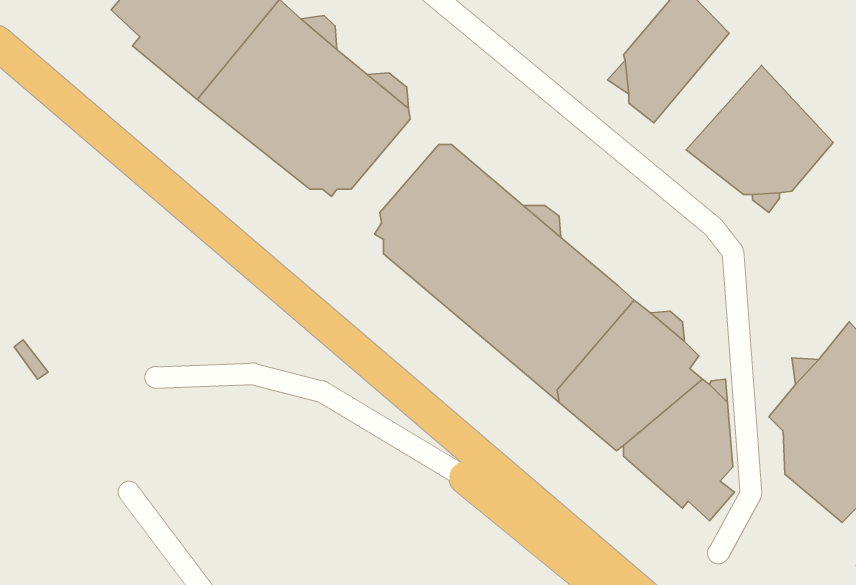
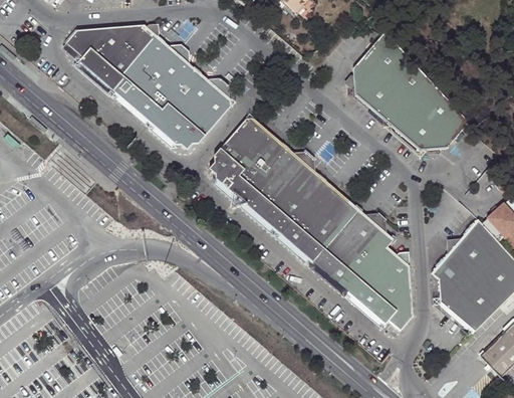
building: none -> [367,57,428,123]

